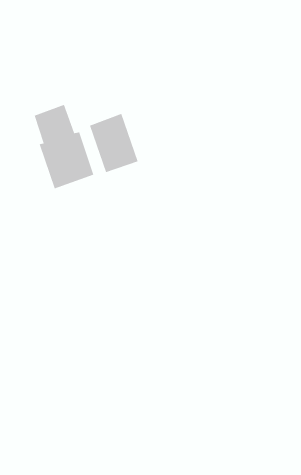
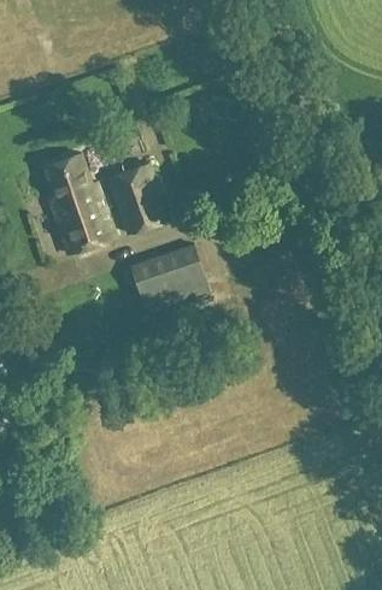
building: none -> [131,243,208,309]

